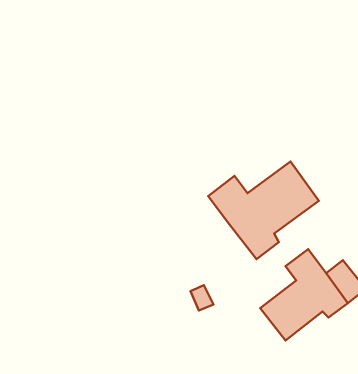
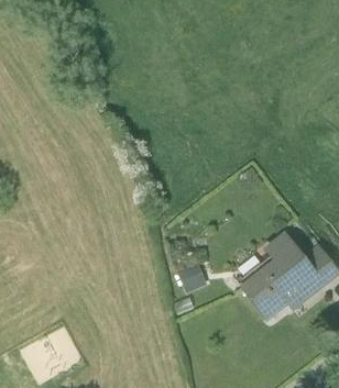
building: [208,161,319,259] -> none

